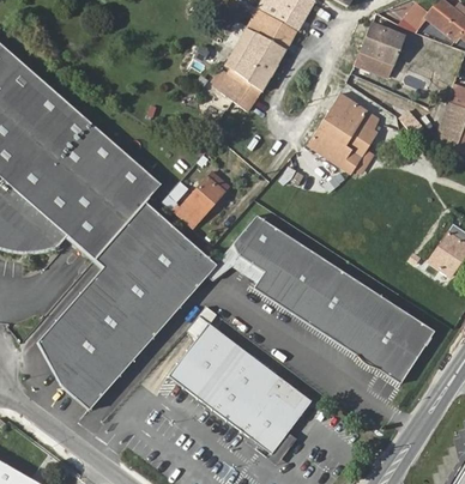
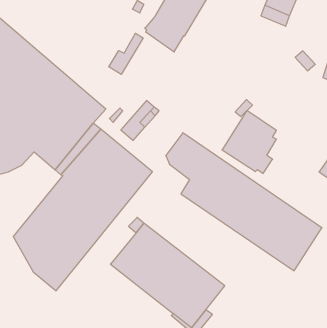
building: none -> [109,33,143,74]
building: [310,93,379,173] -> [222,111,276,173]

